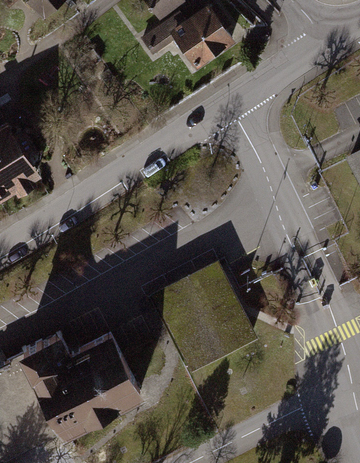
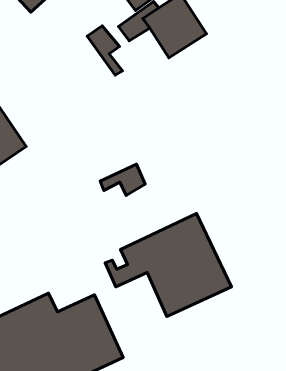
building: none -> [87,26,122,75]
building: none -> [100,164,145,196]

